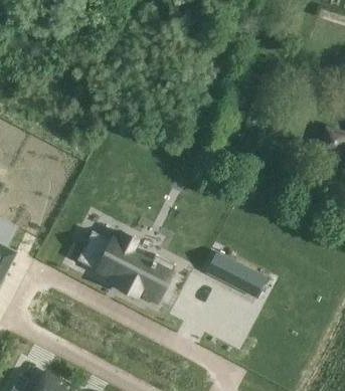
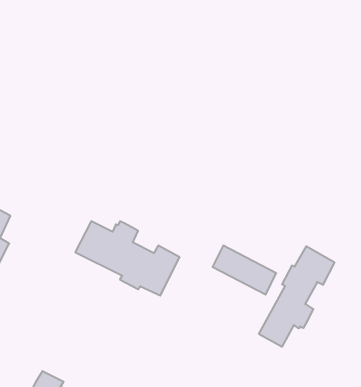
building: none -> [259,246,334,347]

